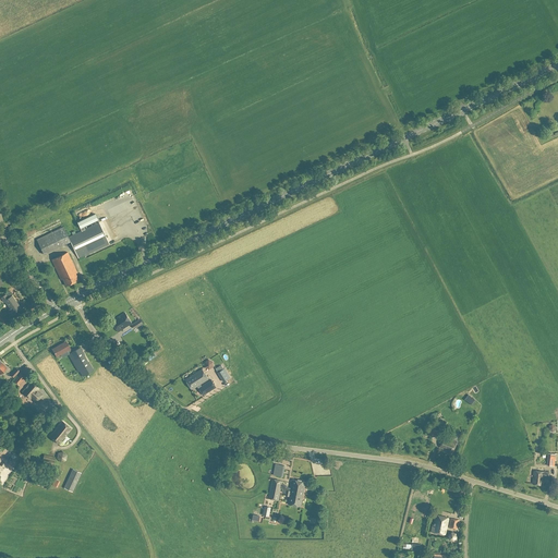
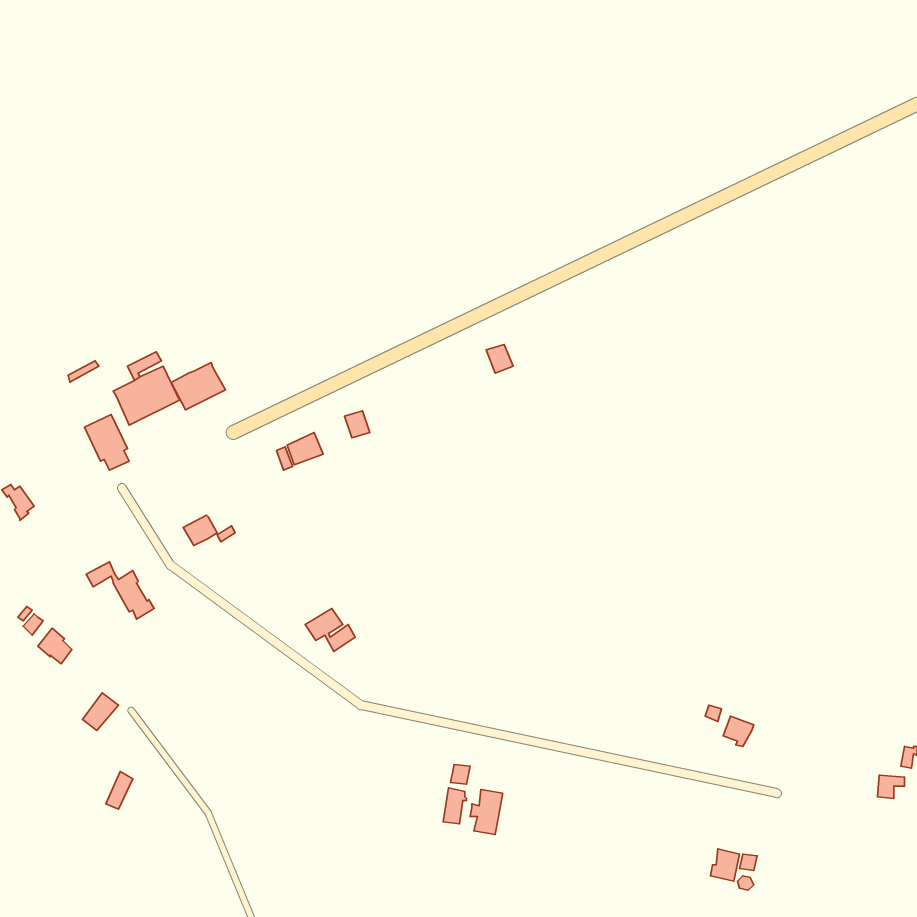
building: none -> [171,363,225,410]
building: [37,227,71,254] -> none

